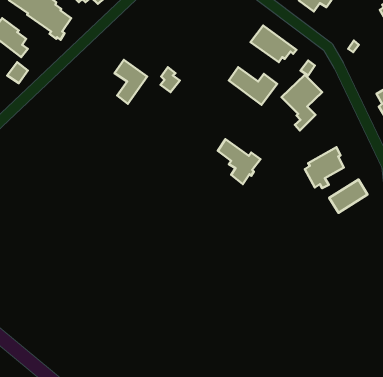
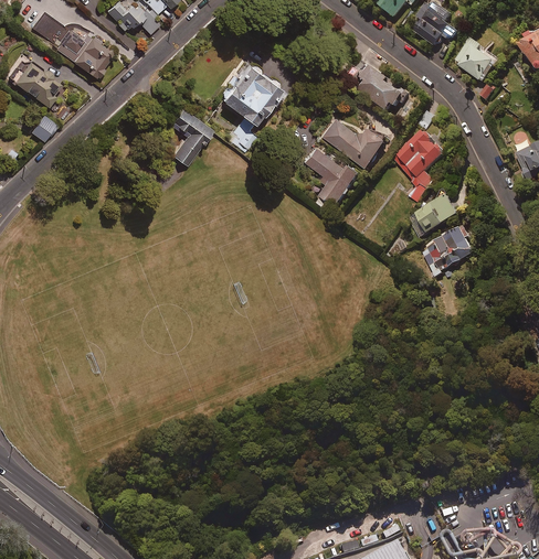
building: none -> [454,36,497,80]
building: none -> [220,62,282,123]
building: [218,139,260,184] -> [303,146,359,205]
building: [329,180,368,213] -> [408,192,458,236]

